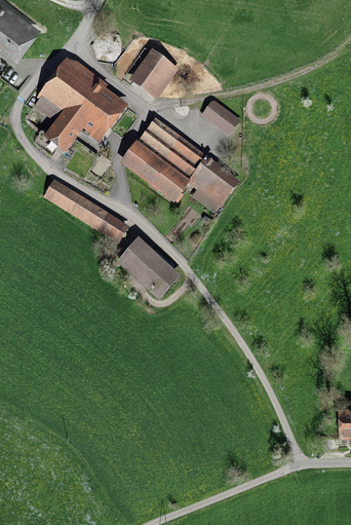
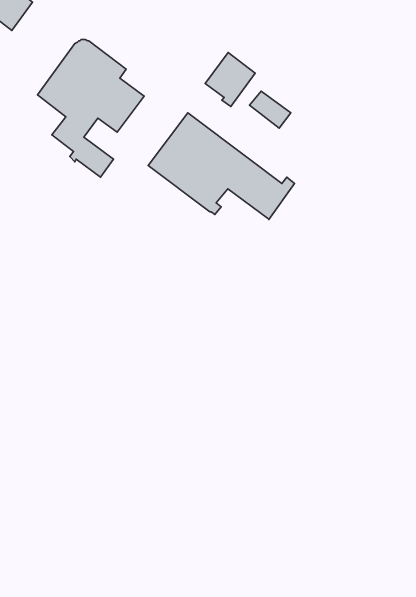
building: [134,52,174,96] -> [205,53,255,107]
building: [46,182,125,239] -> none
building: [120,241,176,295] -> none

